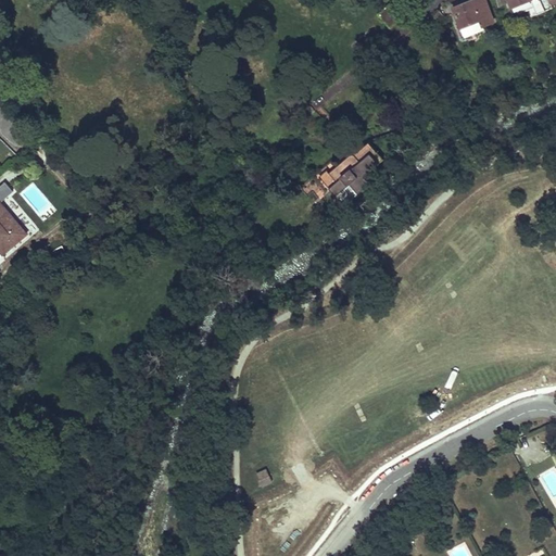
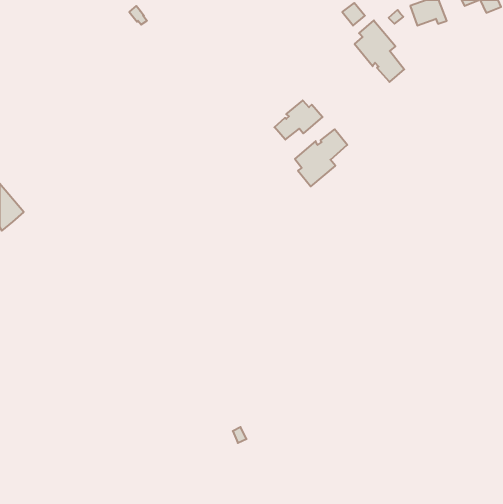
building: none -> [355,20,404,82]
building: none -> [274,100,323,140]

